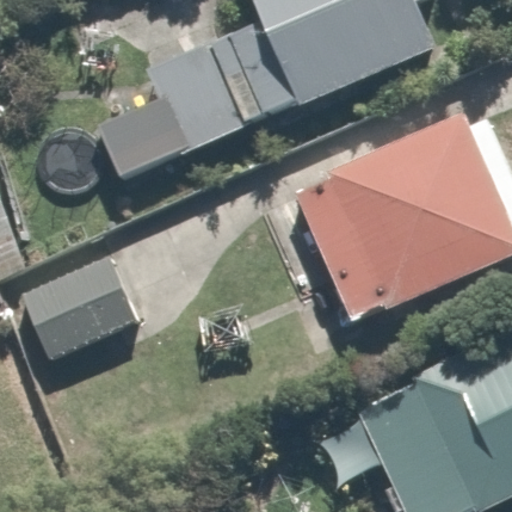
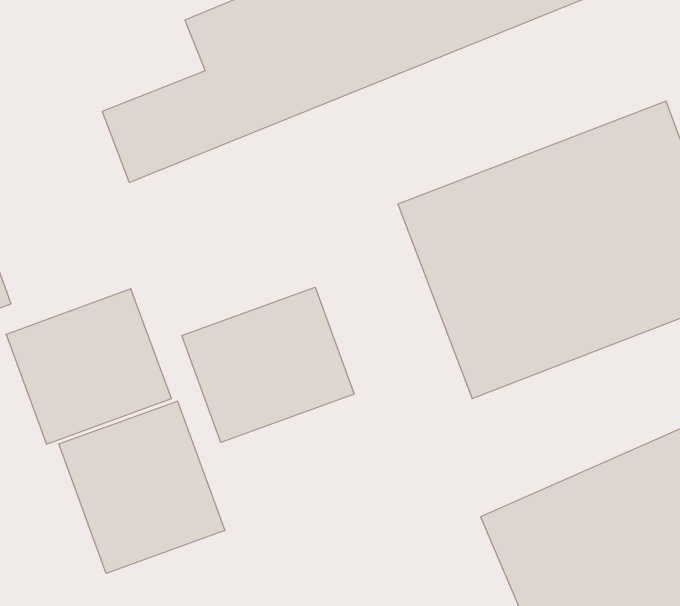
building: none -> [182,287,354,442]
building: none -> [59,401,225,573]

